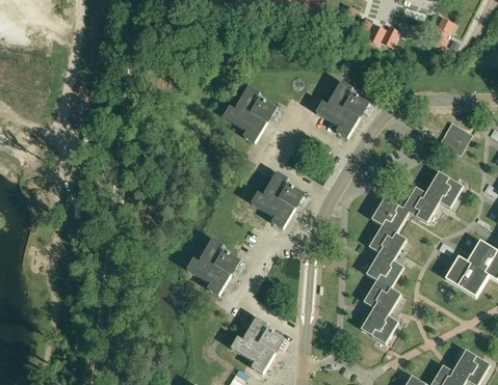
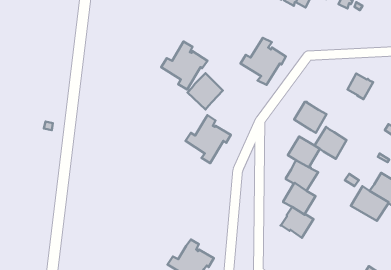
building: none -> [188,73,223,109]
building: [425,171,463,208] -> [294,102,326,133]
building: [188,240,241,295] -> none
building: [361,306,398,343] -> none

